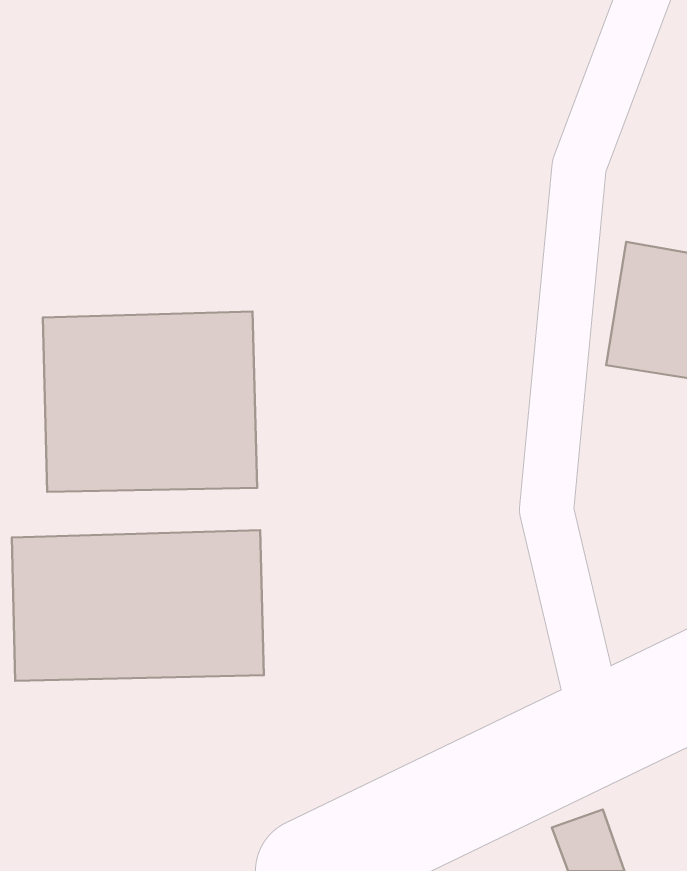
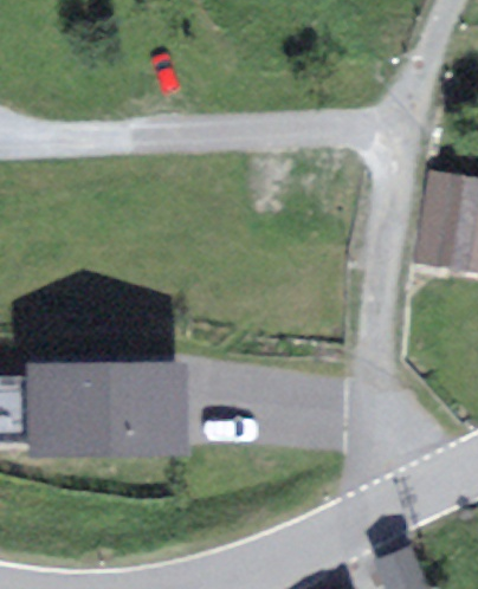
building: [43,311,257,492] -> none

